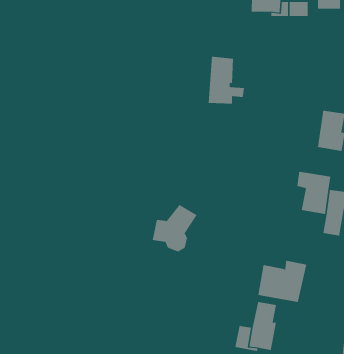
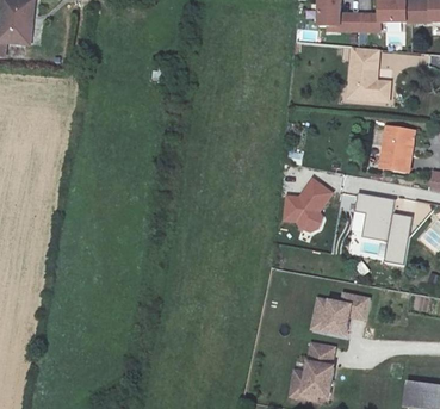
building: [208,56,245,104] -> [349,44,390,97]
building: [152,204,198,252] -> [281,182,331,235]

